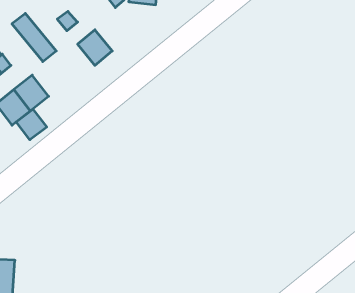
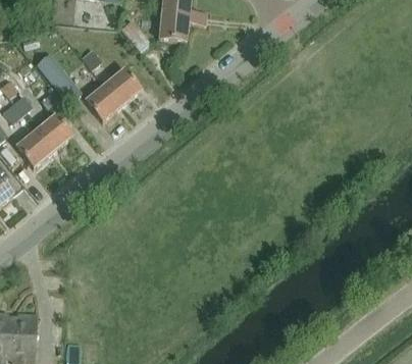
building: none -> [86,84,122,121]
building: [16,109,47,140] -> none

